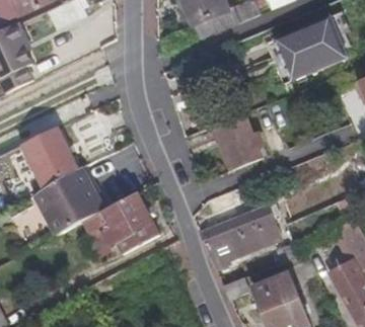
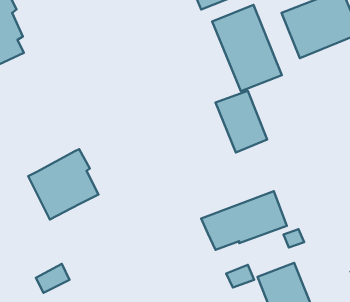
building: none -> [212,5,282,91]
building: [19,128,79,189] -> none
building: [83,191,158,252] -> none

